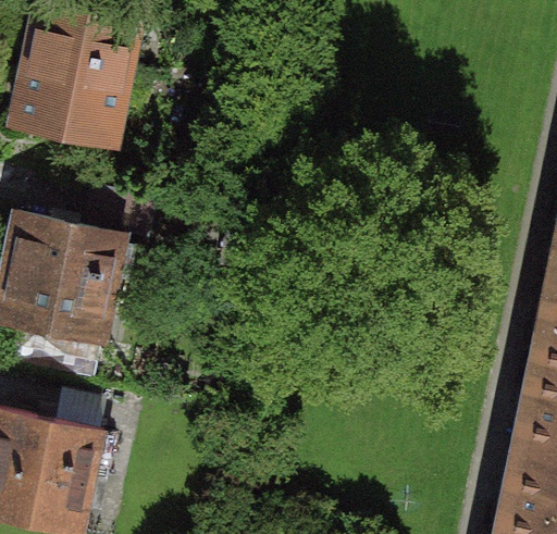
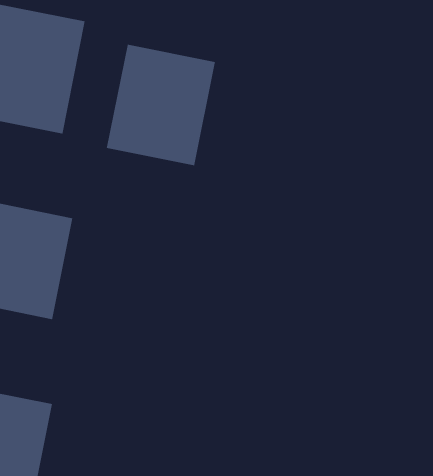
building: none -> [106,44,216,166]

